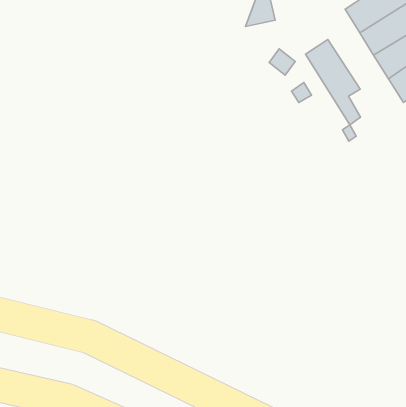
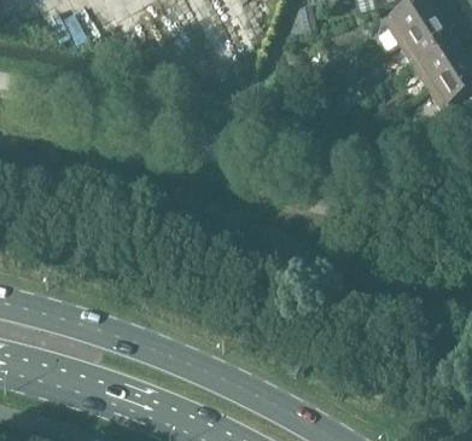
building: [305,39,361,125] -> none

